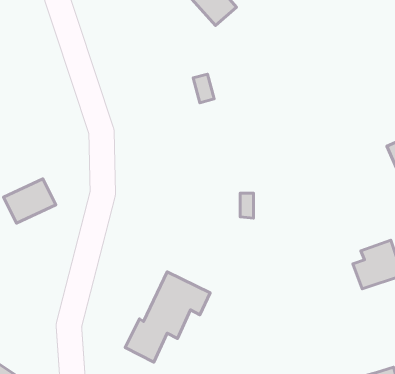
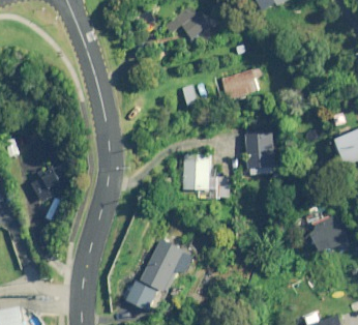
building: none -> [219,66,260,99]
building: none -> [243,131,272,174]
building: none -> [183,154,210,189]

